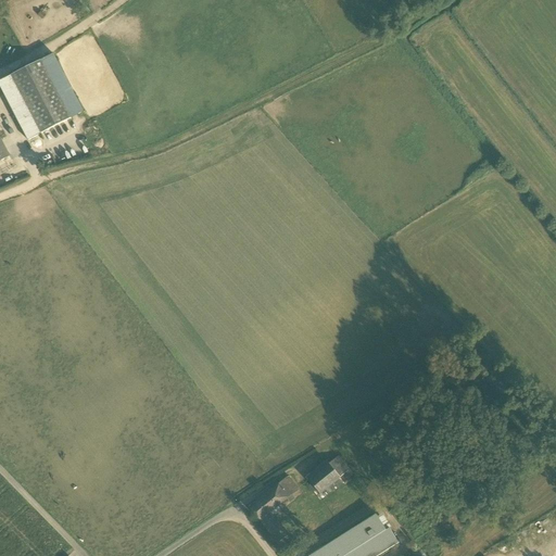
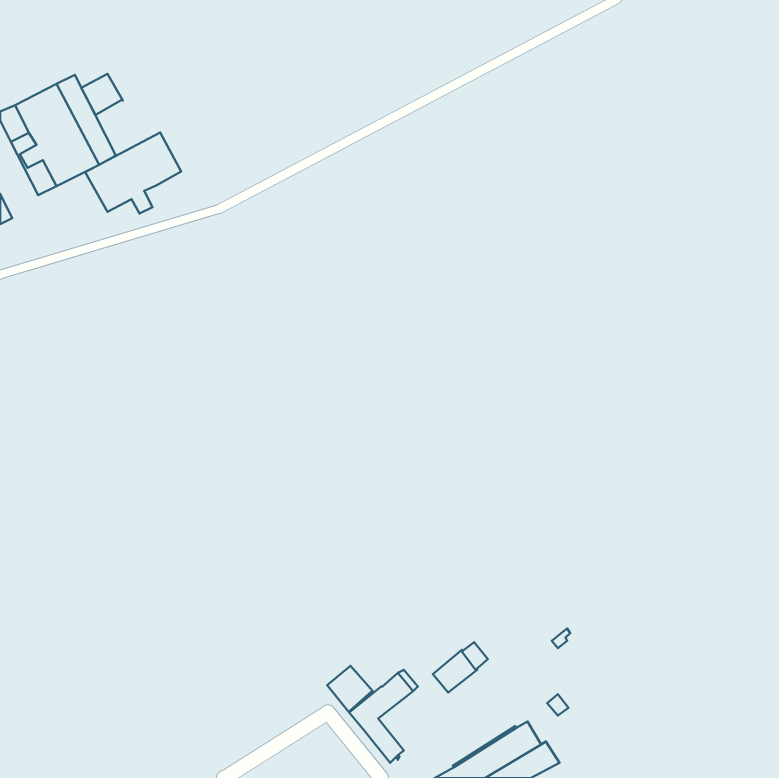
building: none -> [81,74,123,116]
building: none -> [85,133,181,214]
building: none -> [327,666,373,712]

